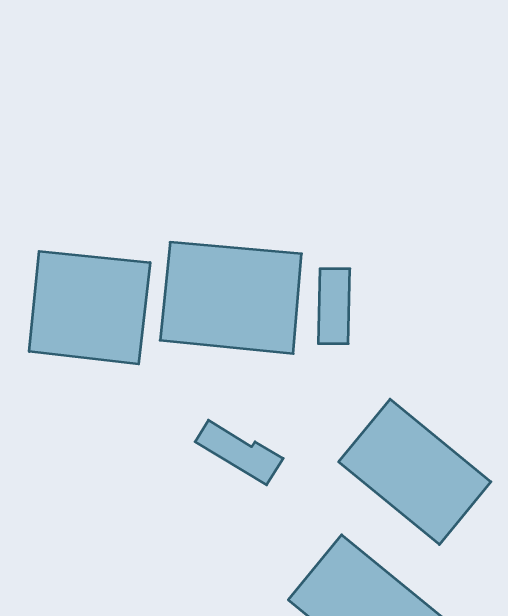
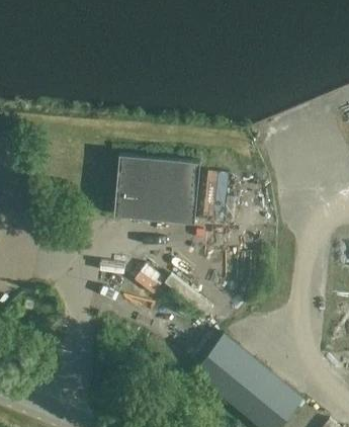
building: [29,251,150,364] -> none
building: [339,399,491,545] -> none

